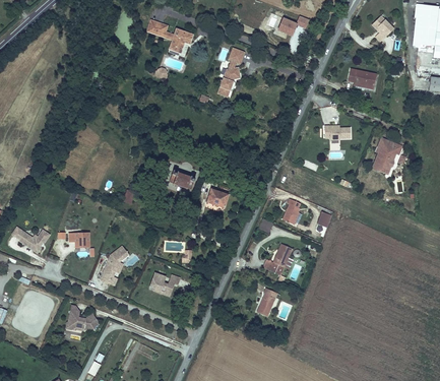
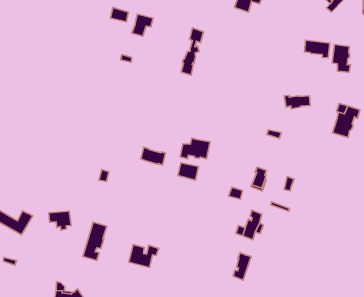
building: none -> [332,44,351,72]
building: none -> [180,138,210,159]

